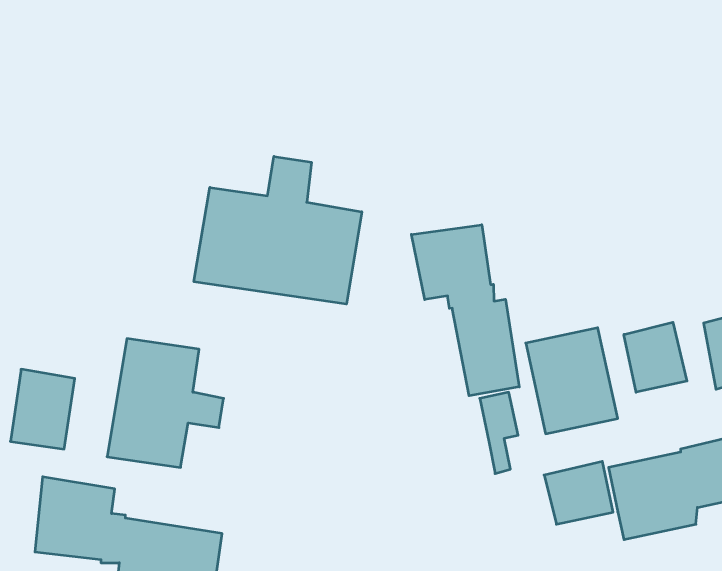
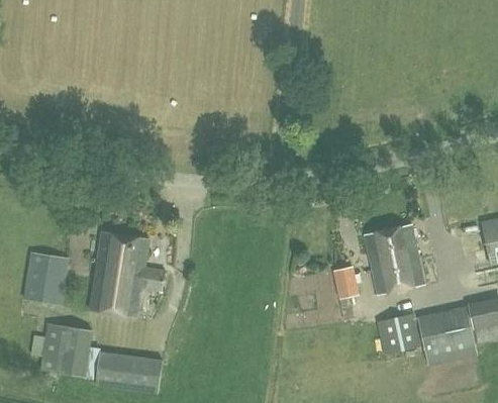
building: [194,156,362,304] -> none
building: [411,225,519,396] -> none
building: [624,322,687,392] -> none

